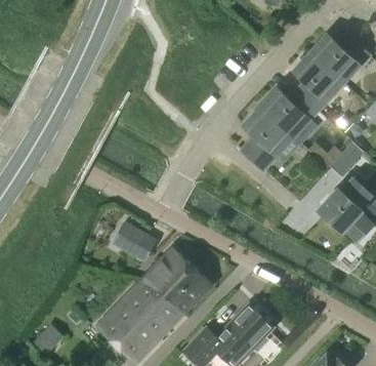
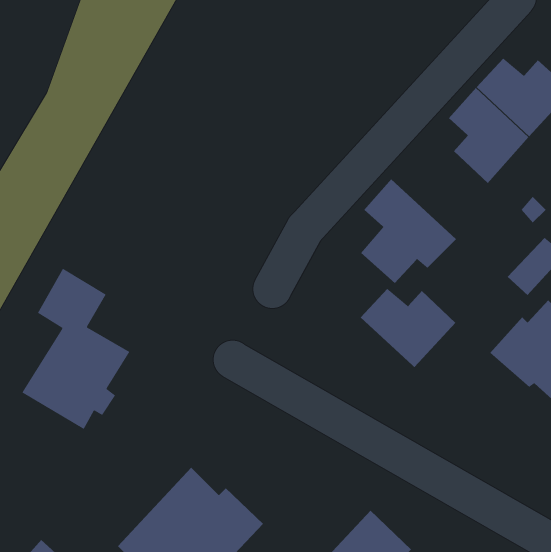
building: [260,90,318,144] -> [360,288,456,378]
building: none -> [22,268,130,430]
building: [113,223,145,253] -> none
building: [141,248,211,313] -> none

